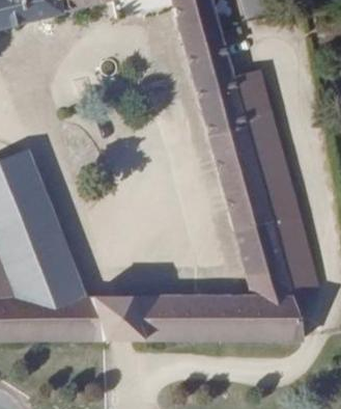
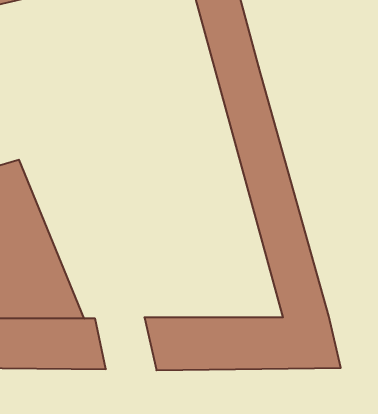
building: [233,72,319,294] -> none
building: [92,295,145,340] -> none

